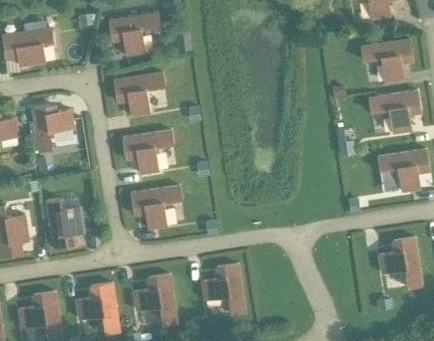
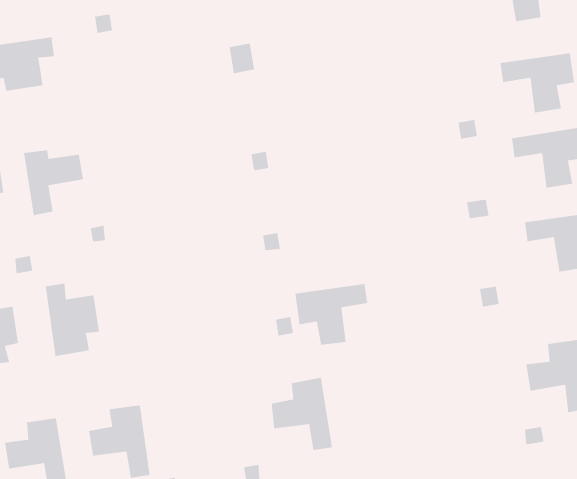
building: [109,13,160,56] -> none
building: [114,73,165,116] -> none
building: [123,131,174,174] -> none
building: [131,186,182,229] -> [294,283,368,345]
building: [134,275,177,325] -> none

